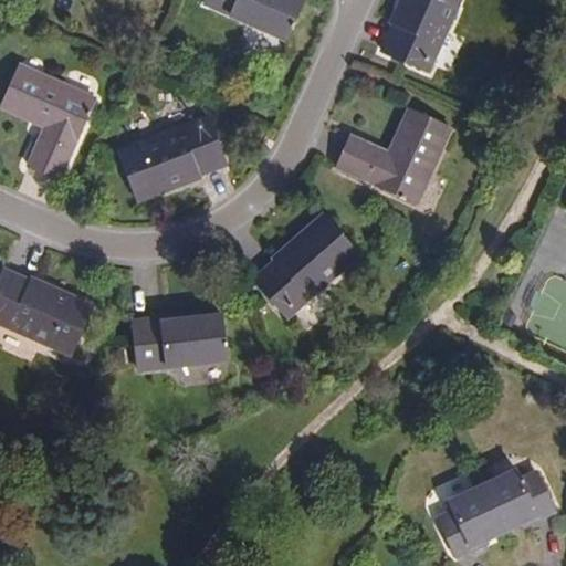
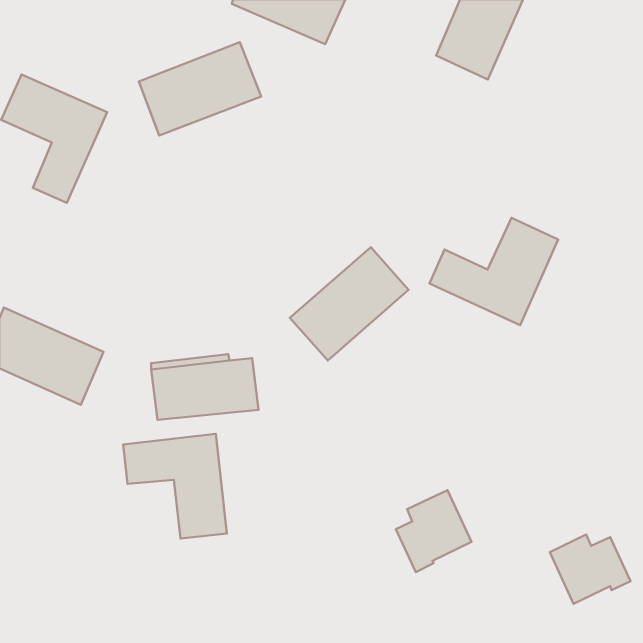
building: [337,108,450,202] -> [429,218,558,325]
building: [119,116,227,198] -> [139,42,261,136]
building: none -> [123,434,227,539]
building: [437,484,503,556] -> [396,490,471,572]

